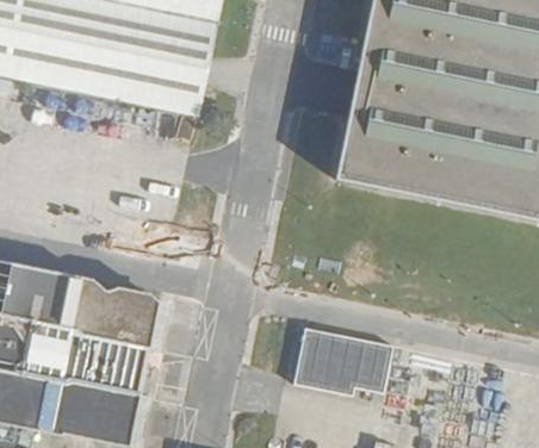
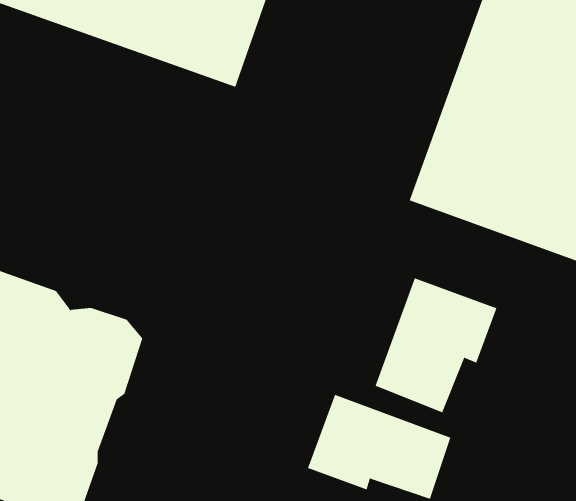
building: none -> [375,278,497,413]

